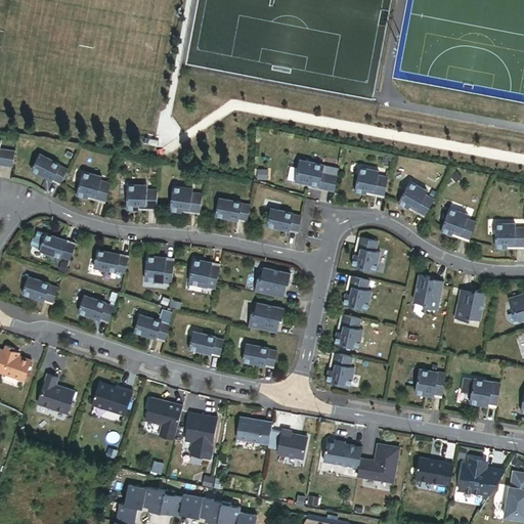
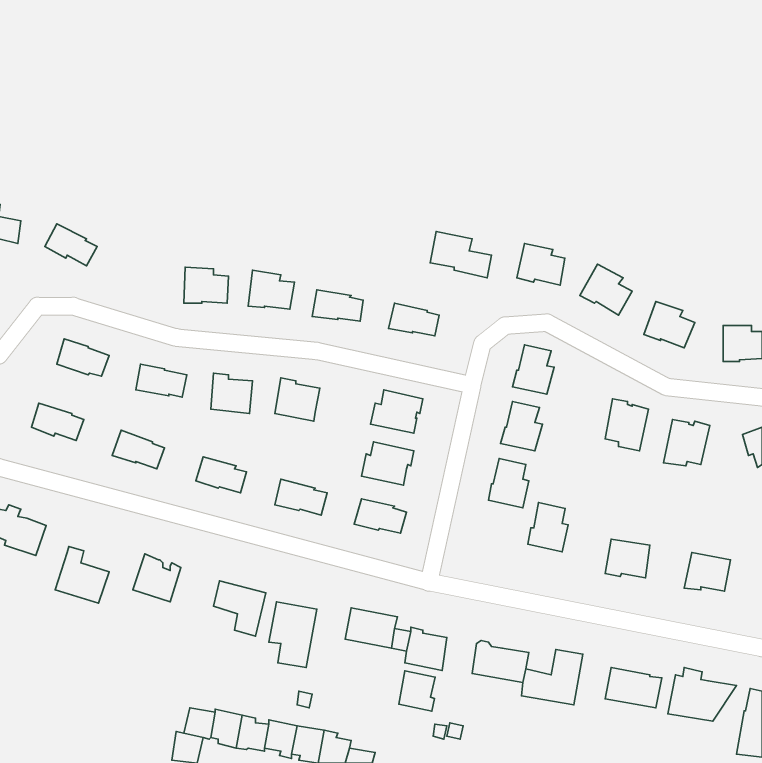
building: [76,170,110,200] -> none
building: [326,352,354,386] -> [528,502,568,552]
building: none -> [399,671,435,711]

